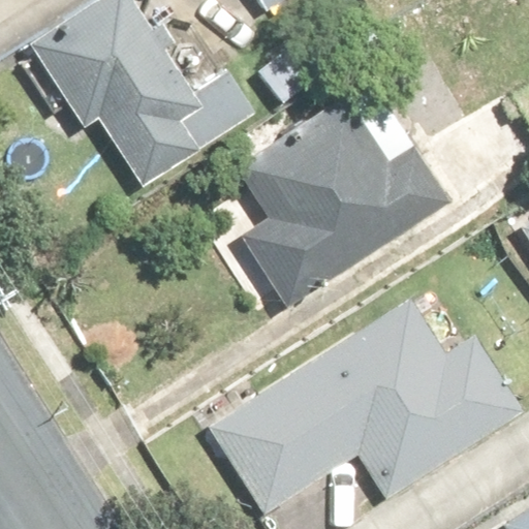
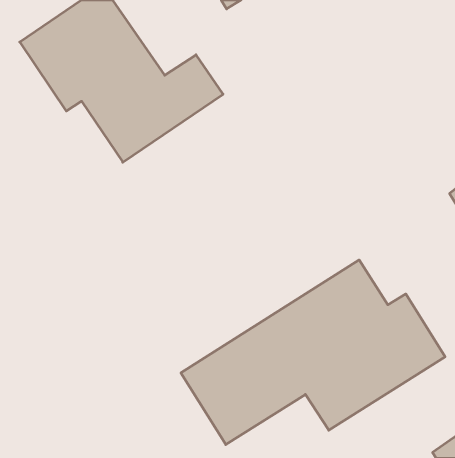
building: [242,112,454,298] -> none

